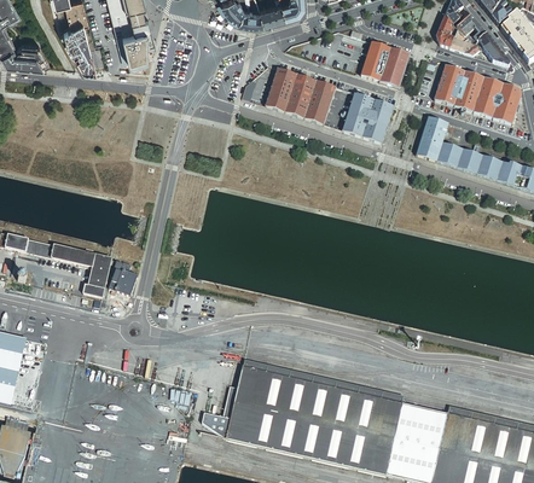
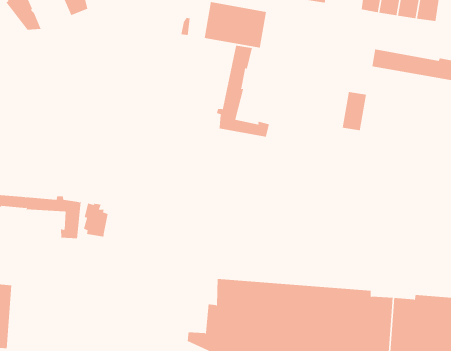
building: [342,93,394,142] -> none
building: none -> [216,45,270,138]
building: [417,117,448,161] -> [342,91,367,131]

